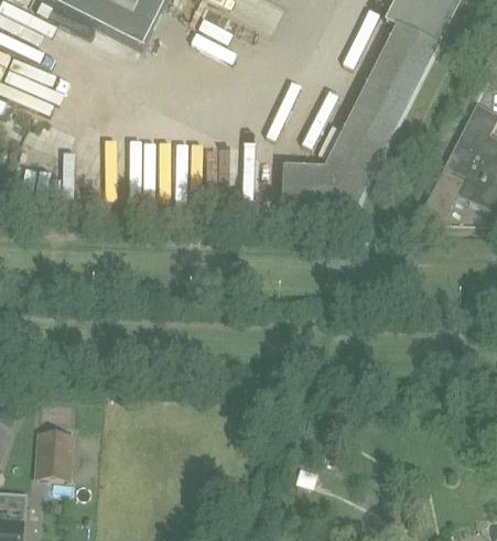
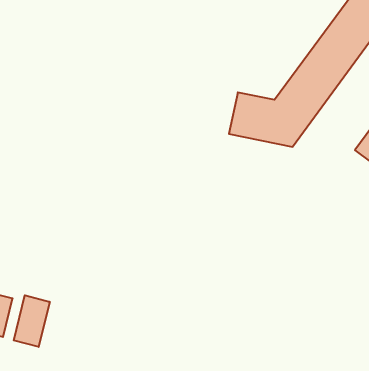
building: none -> [14,295,50,347]

